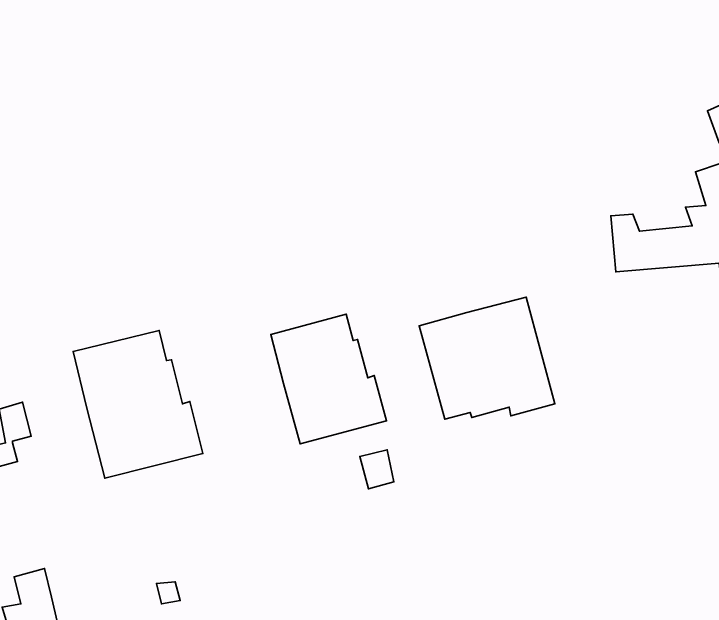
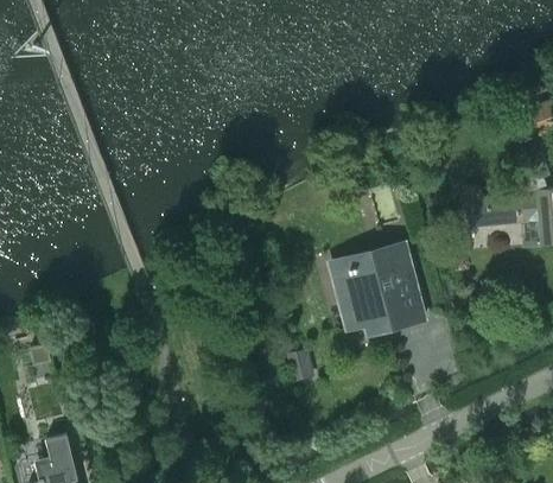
building: [271,314,386,444] -> none
building: [73,330,203,478] -> none

